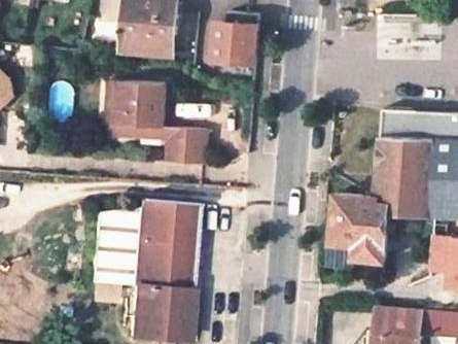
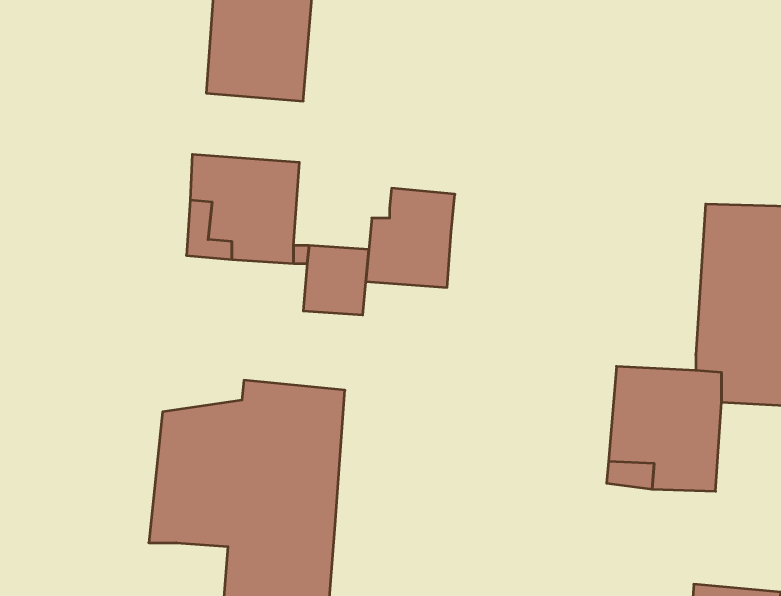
building: [216,12,262,64] -> [366,188,455,287]

